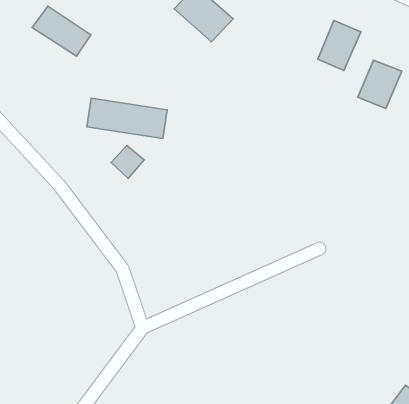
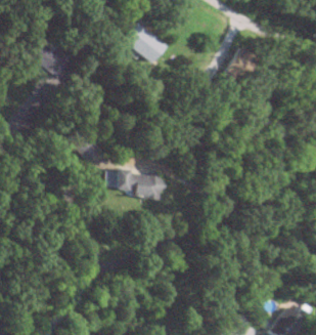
building: [358,60,402,108] -> none
building: [87,98,167,138] -> [108,169,166,198]

